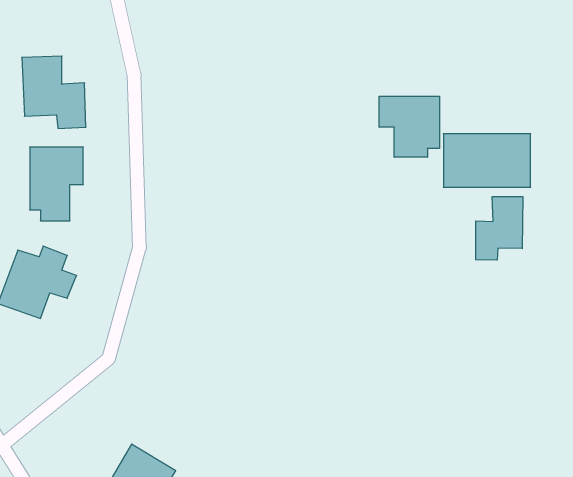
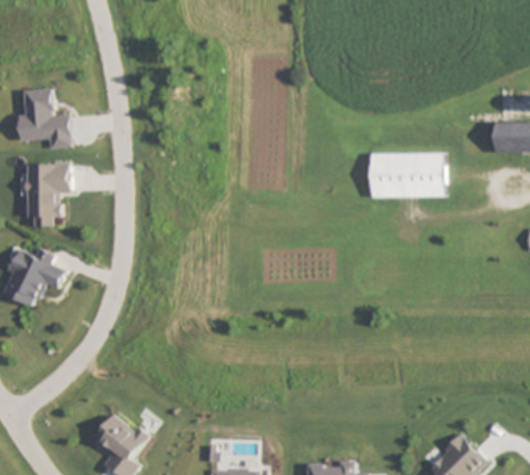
building: [379,96,439,157] -> none
building: [476,197,523,260] -> none

